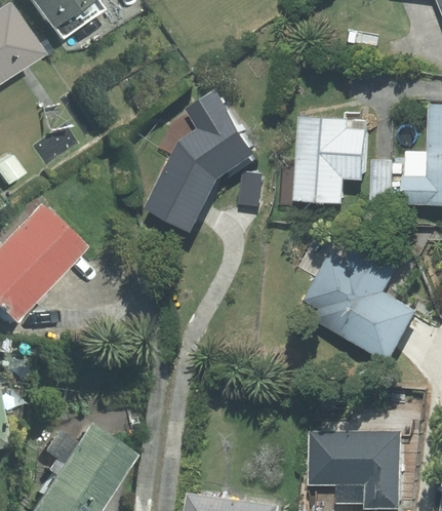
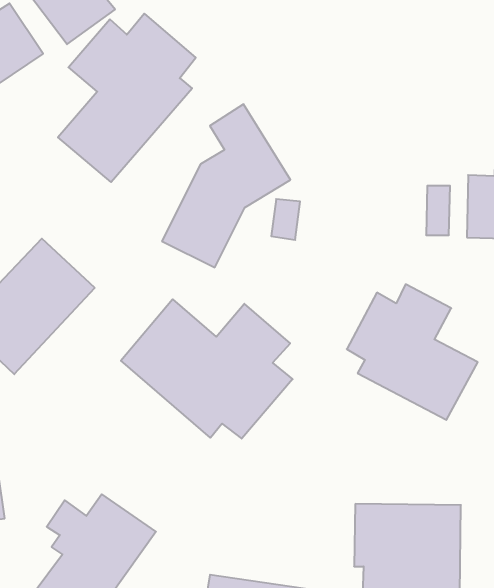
building: none -> [58,14,196,182]
building: [293,117,364,203] -> none
building: none -> [121,299,293,439]

